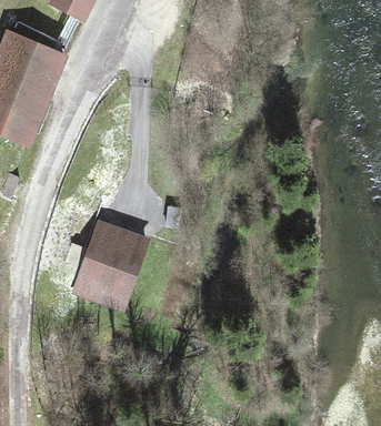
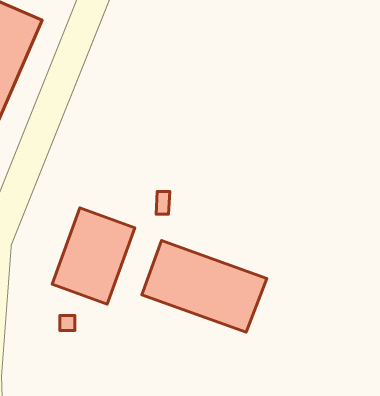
building: none -> [142,240,267,332]

